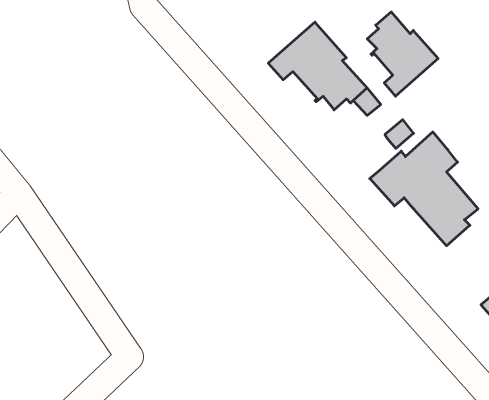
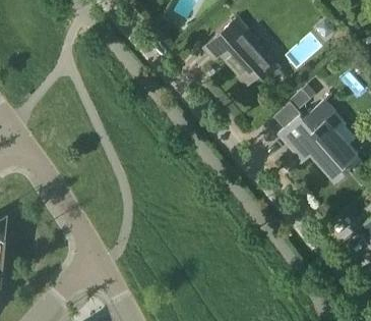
building: [367,12,438,96] -> none

